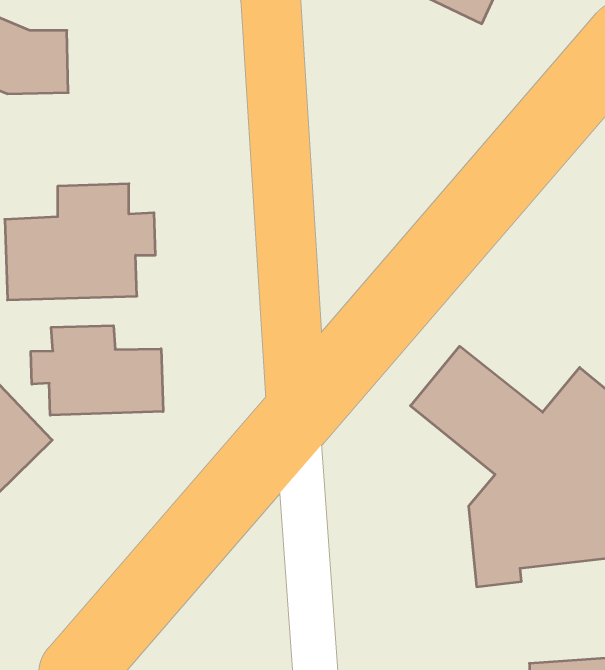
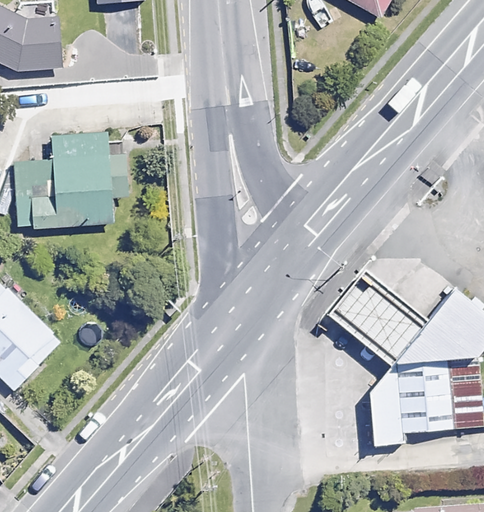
building: [31,326,163,415] -> none

